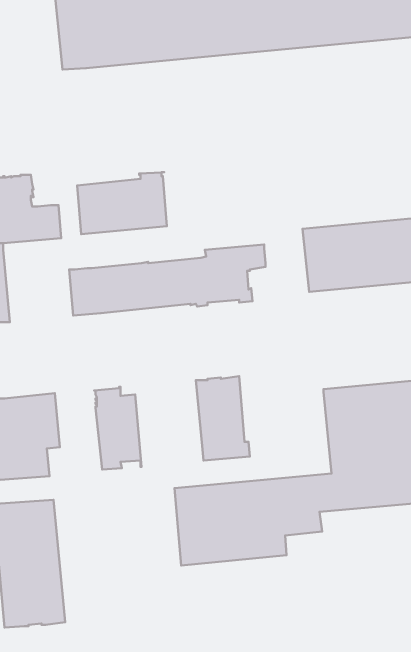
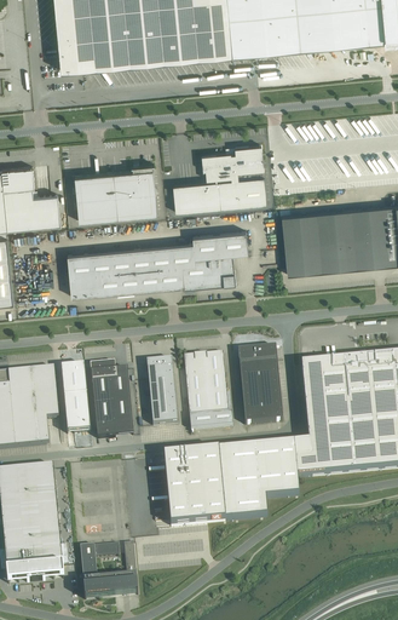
building: none -> [172,145,266,212]
building: none -> [237,348,282,425]
building: none -> [146,360,177,426]
building: none -> [60,366,91,435]
building: none -> [79,542,138,599]

